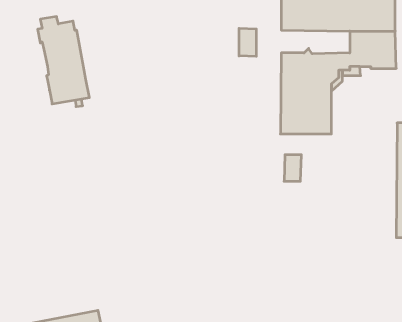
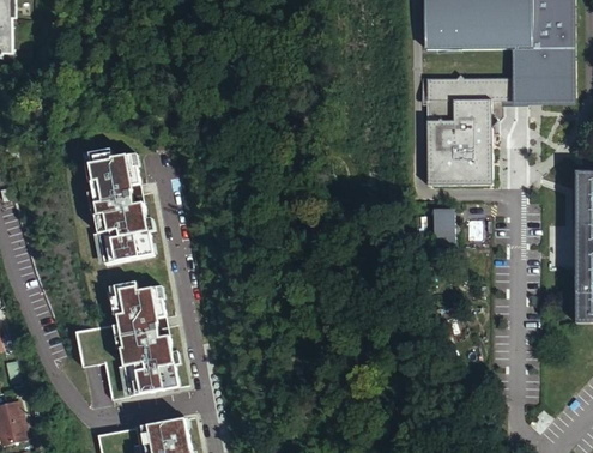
building: [38,17,89,104] -> [86,149,155,264]
building: [239,28,256,56] -> none
building: none -> [75,282,180,399]

